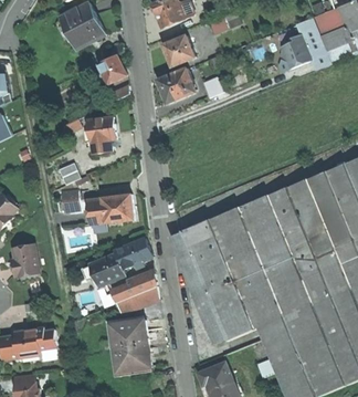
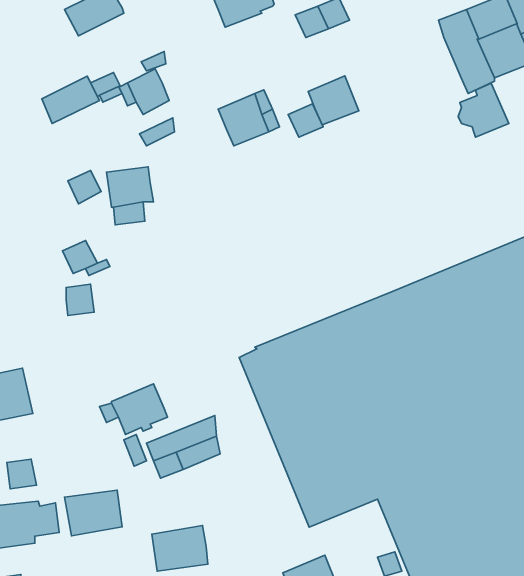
building: [69,19,105,49] -> [42,76,99,123]
building: [162,34,194,65] -> [308,76,359,125]
building: [278,34,310,69] -> [458,83,509,137]
building: [87,194,134,223] -> none
building: [115,238,151,269] -> none
building: [110,320,147,348] -> [65,490,122,536]

